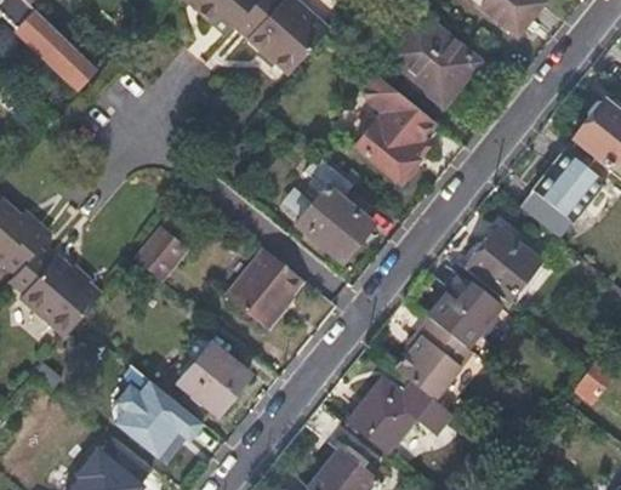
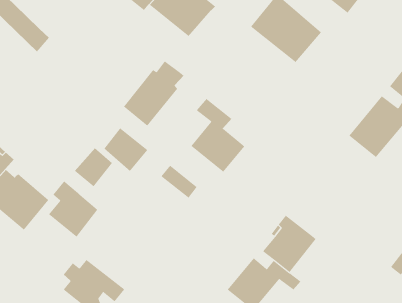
building: [354,74,435,181] -> none
building: none -> [123,61,184,127]
building: [465,229,540,302] -> none
building: [230,264,294,326] -> [103,128,148,172]
building: [426,270,498,348] -> none
building: [178,335,249,415] -> [48,181,98,238]

